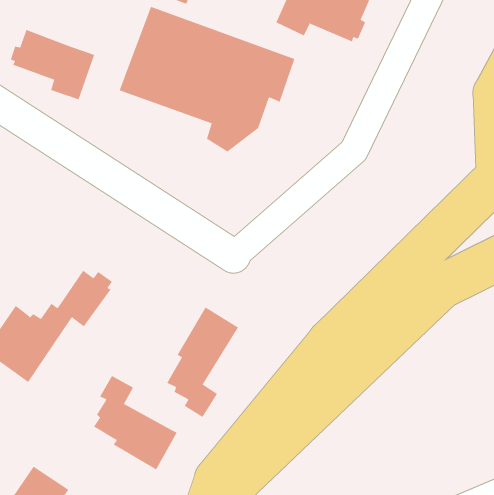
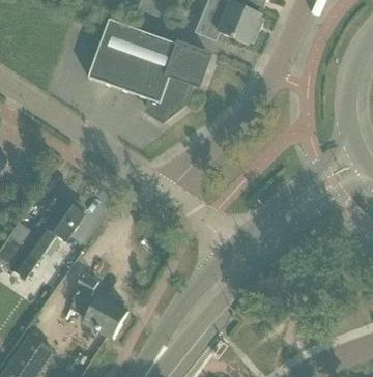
building: [10,29,95,100] -> none
building: [166,306,239,418] -> none

